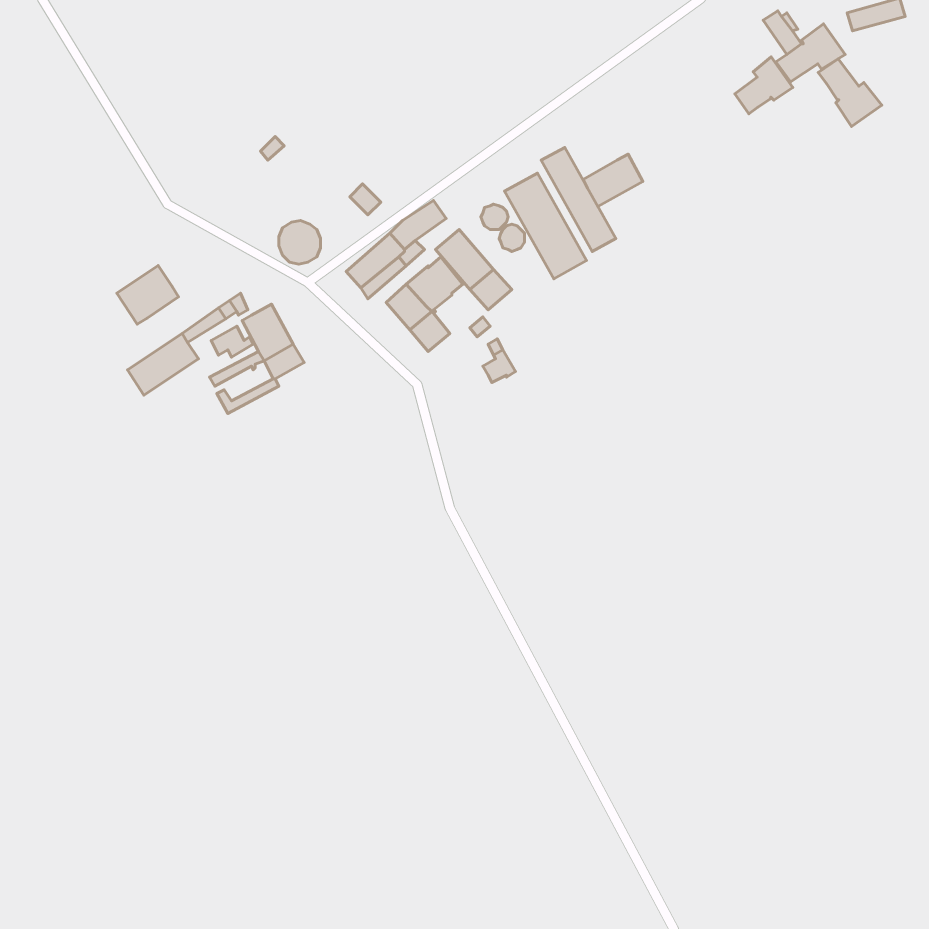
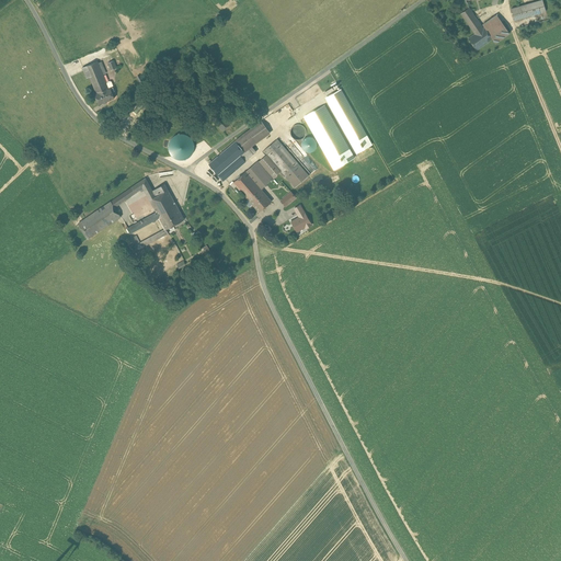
building: [735,57,793,114] -> none
building: [818,59,882,126] -> none
building: none -> [81,60,113,103]
building: [583,154,643,207] -> none
building: [117,266,178,324] -> none

